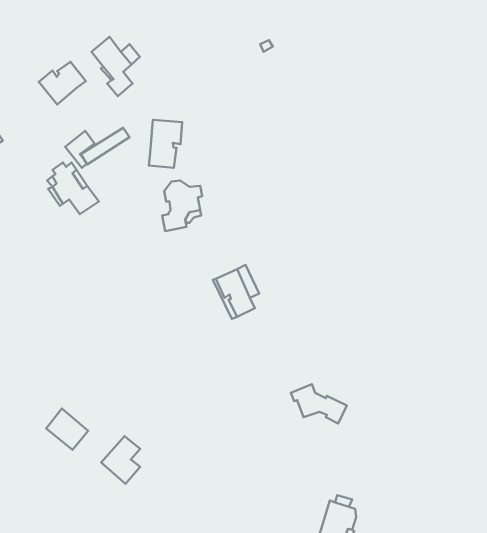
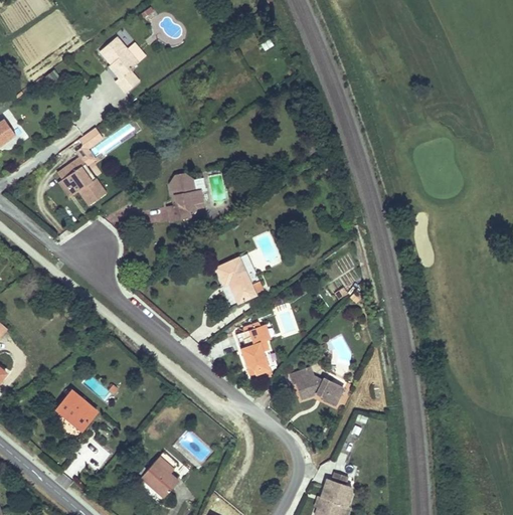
building: [39,62,86,104] -> none
building: [149,120,182,168] -> none
building: none -> [235,322,270,376]
building: [101,436,140,484] -> [141,452,178,497]

